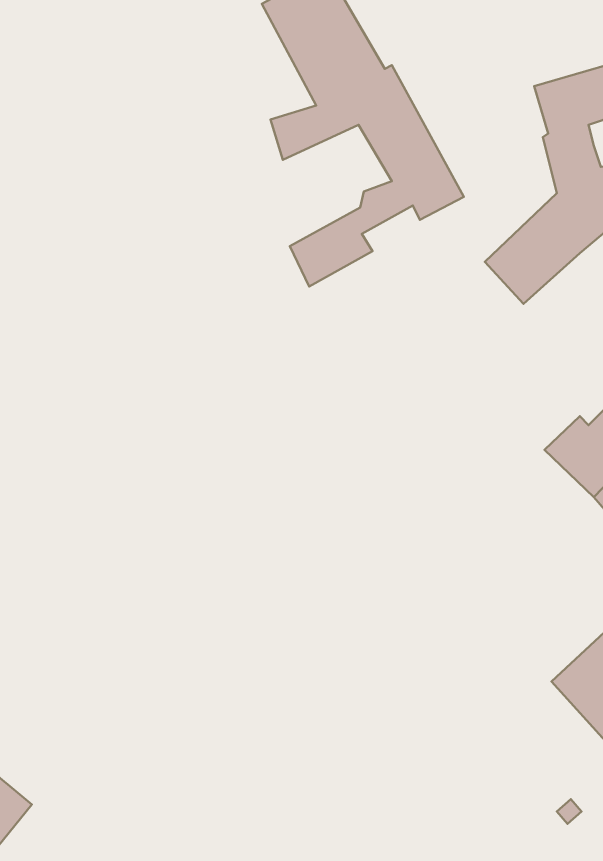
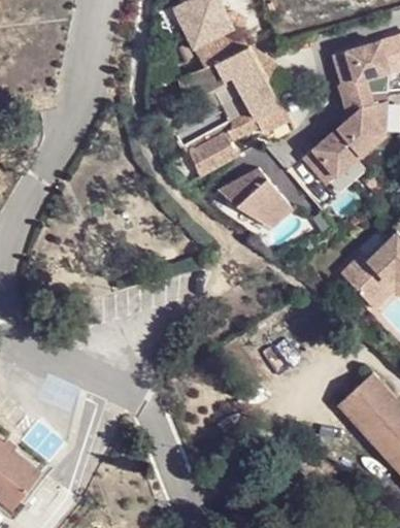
building: none -> [216,170,292,228]

